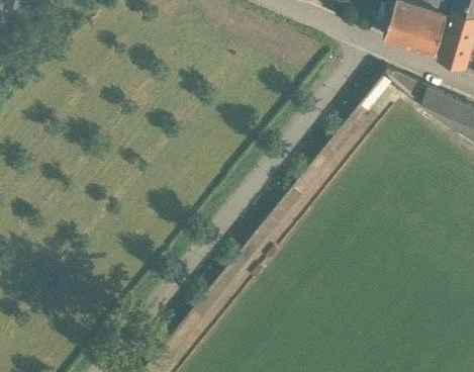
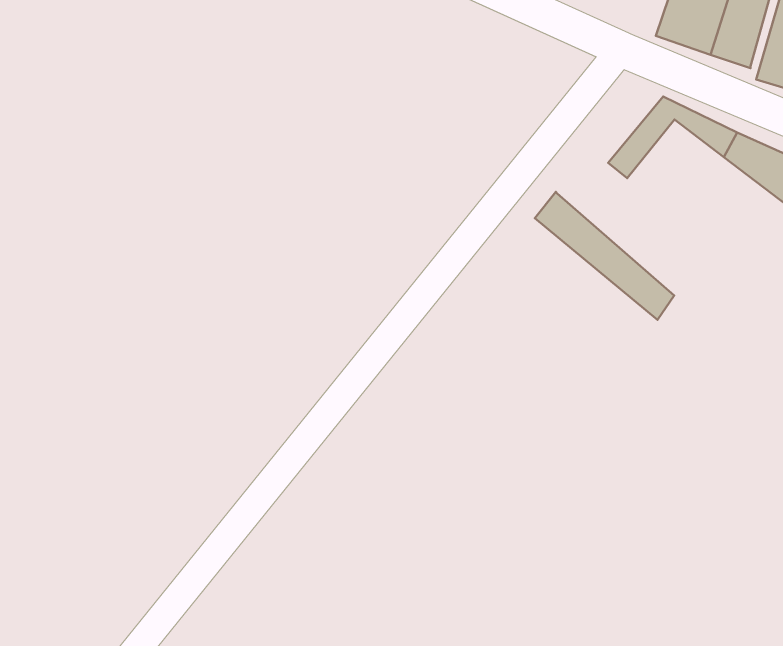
building: none -> [535,192,674,320]

